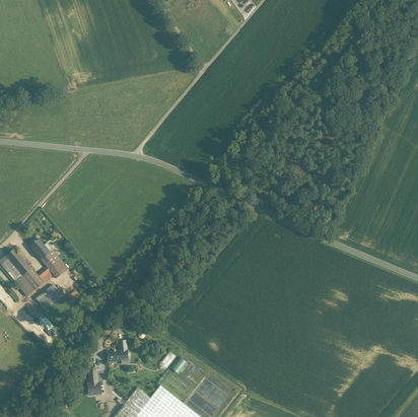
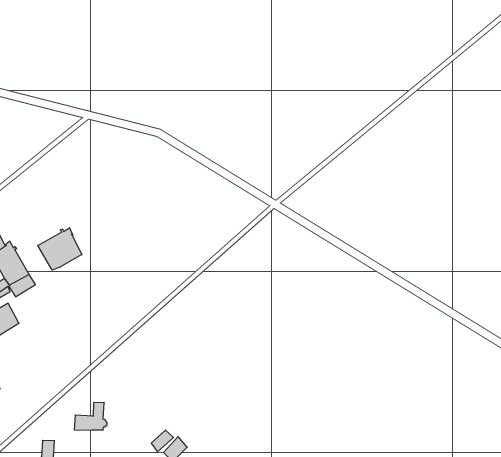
building: none -> [38,228,82,270]

